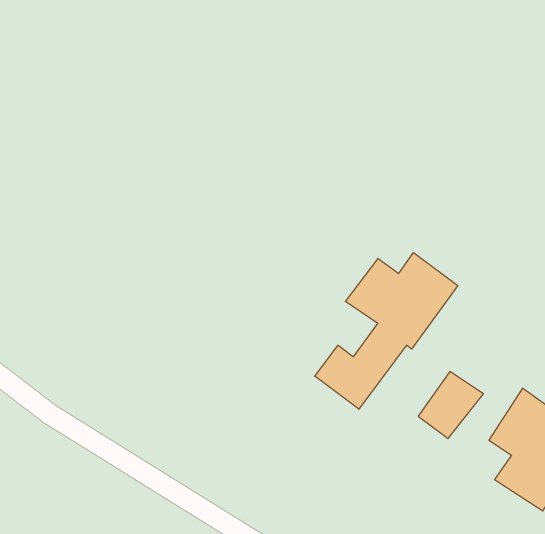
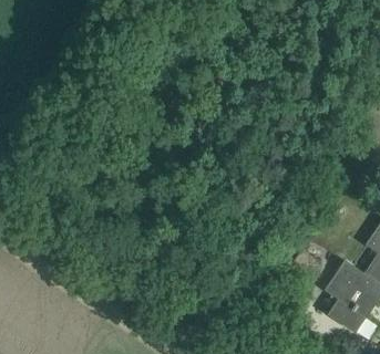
building: [315,253,458,409] -> none

